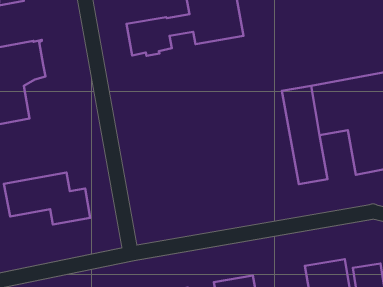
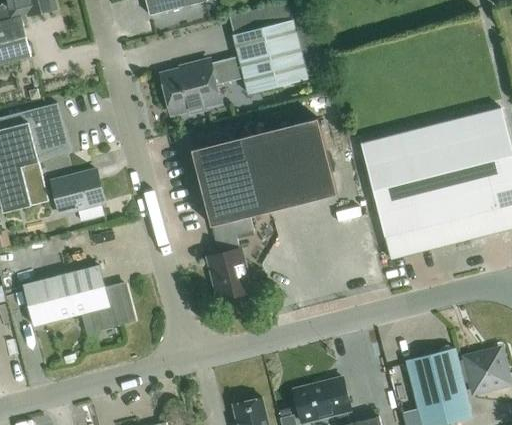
building: none -> [192,118,338,298]
building: none -> [52,170,105,214]
building: none -> [412,187,461,250]

